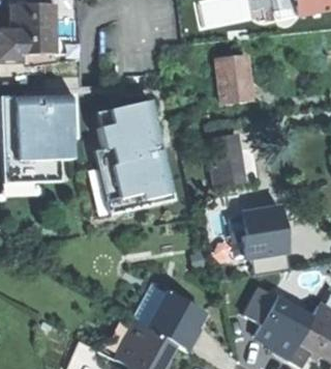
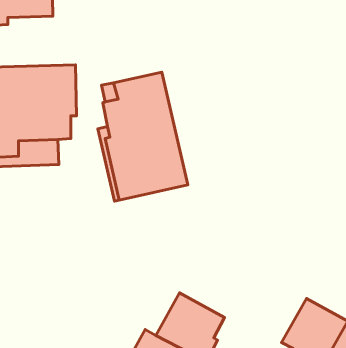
building: [219,51,260,102] -> none
building: [209,132,244,184] -> none
building: [248,204,296,271] -> none

